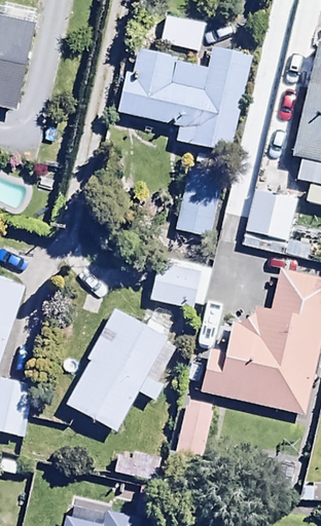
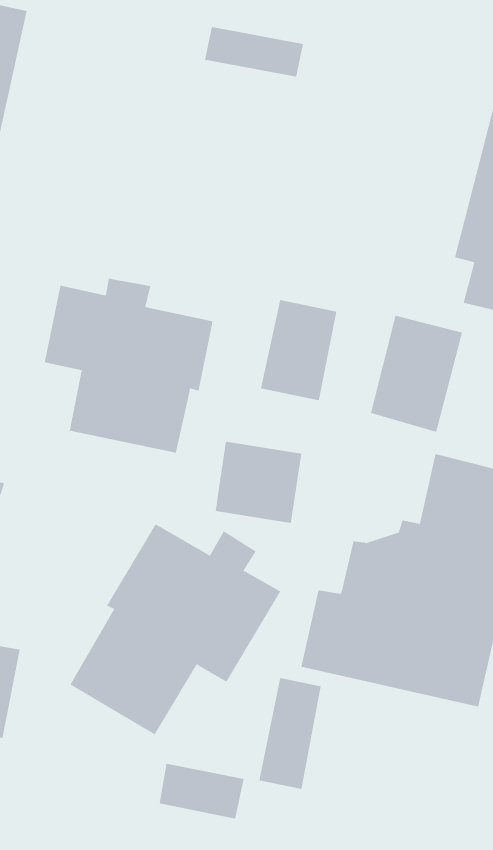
building: [117,43,256,158] -> none
building: none -> [44,278,213,453]

